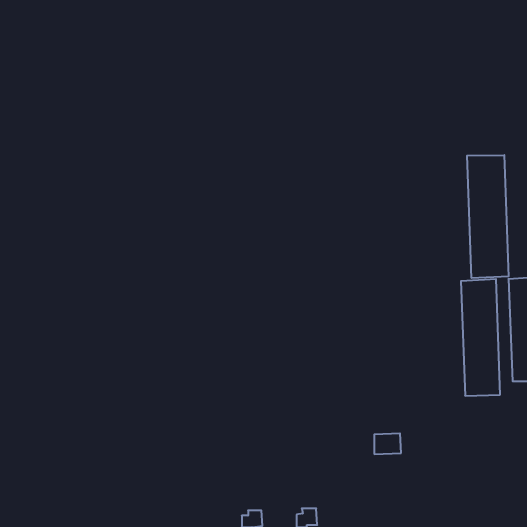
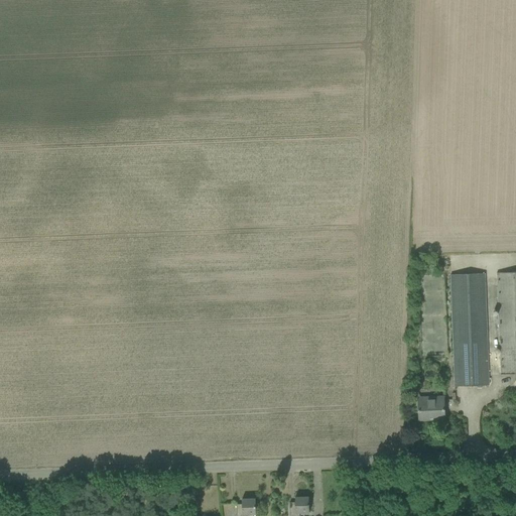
building: [467,155,509,278] -> none
building: [374,433,401,454] -> [419,399,445,419]

